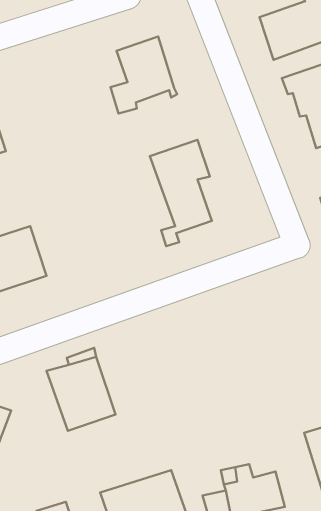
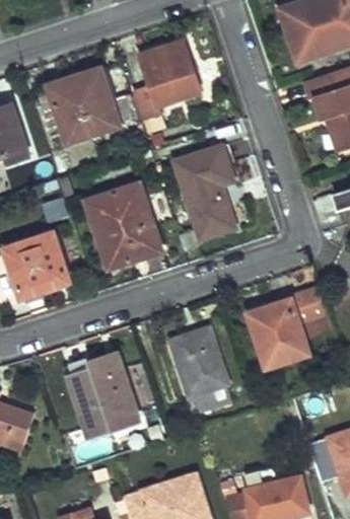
building: none -> [46,77,121,143]
building: none -> [87,182,161,267]
building: none -> [249,289,328,366]
building: none -> [169,327,232,411]

